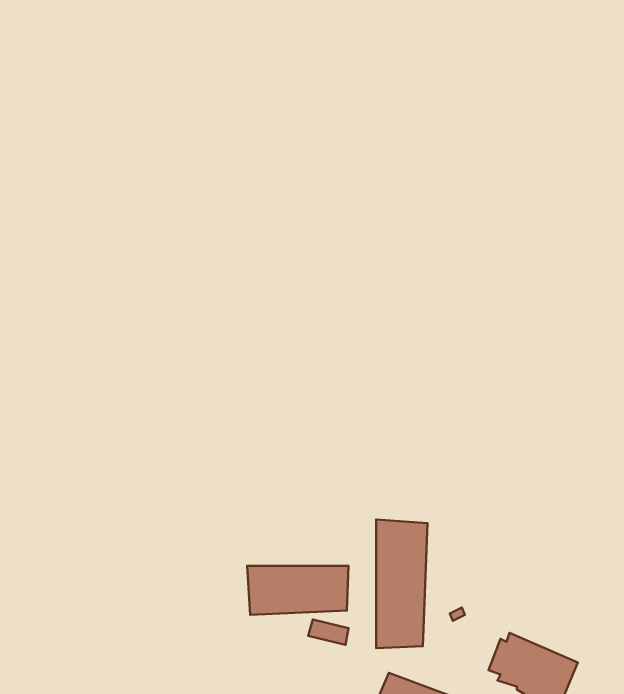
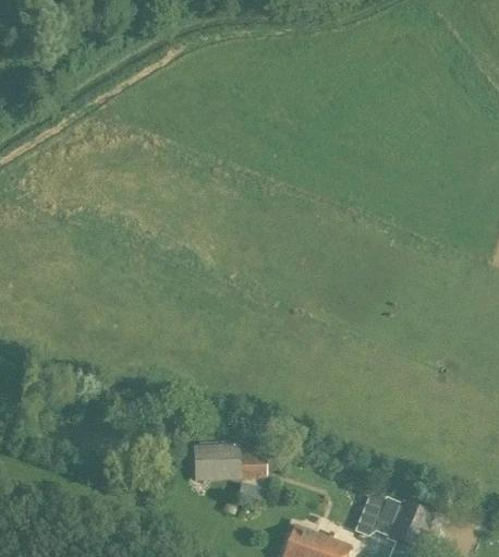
building: [376,519,428,648] -> none

